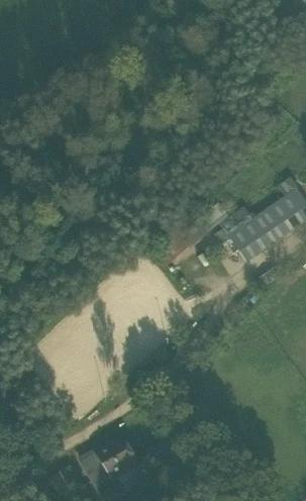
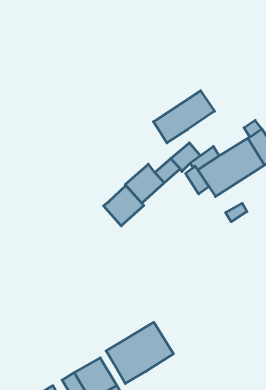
building: none -> [153,91,215,143]
building: none -> [104,185,144,226]
building: none -> [106,322,173,384]

